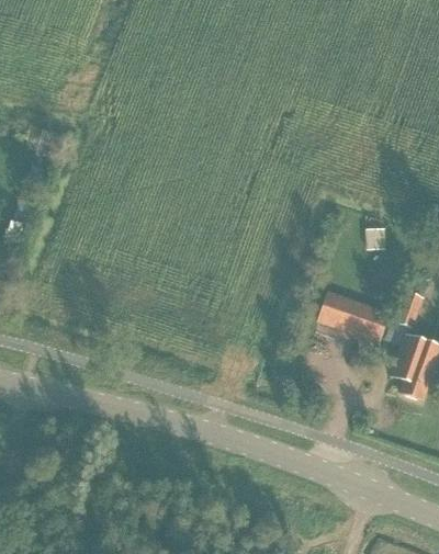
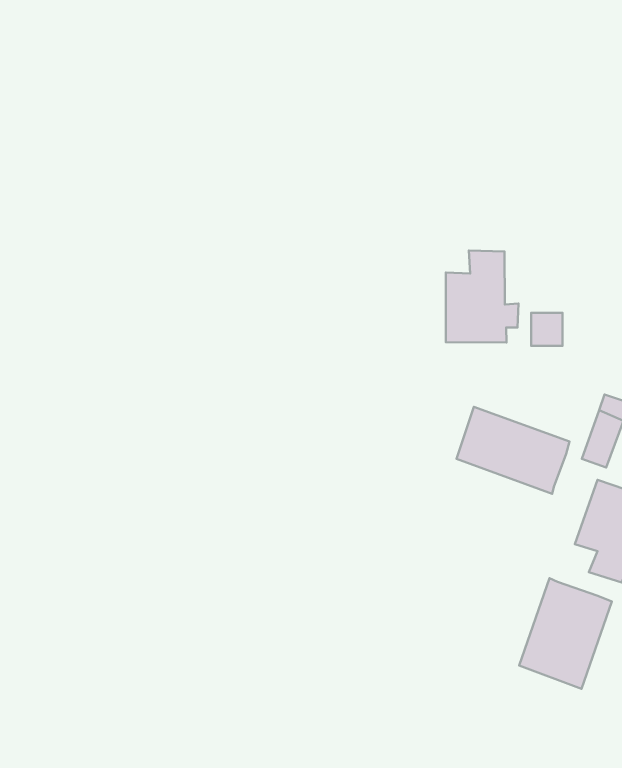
building: none -> [446,251,518,342]
building: none -> [519,578,612,689]

